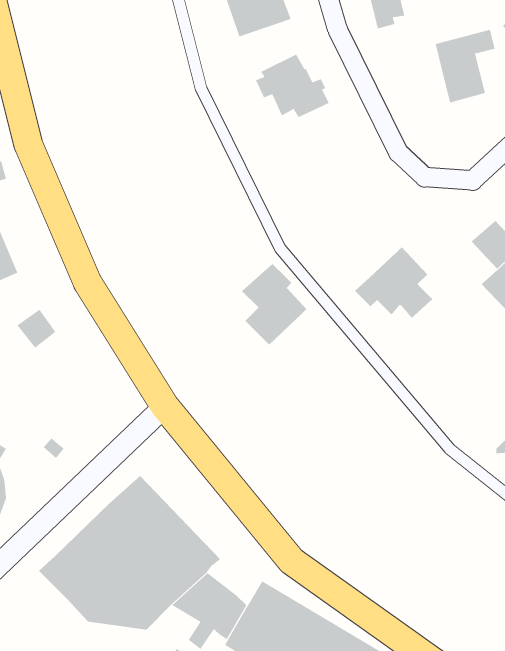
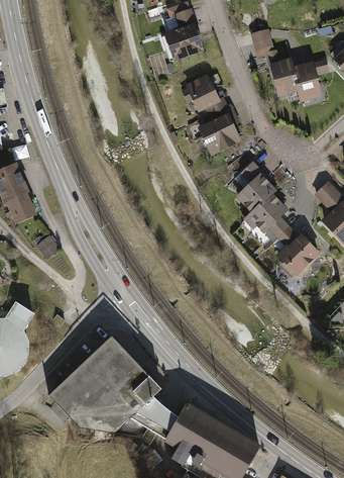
building: none -> [266,53,298,100]
building: none -> [198,105,242,160]
building: [241,263,307,345] -> [234,164,274,214]
building: none -> [276,227,321,279]

